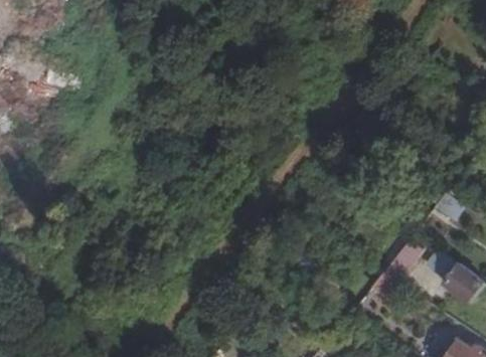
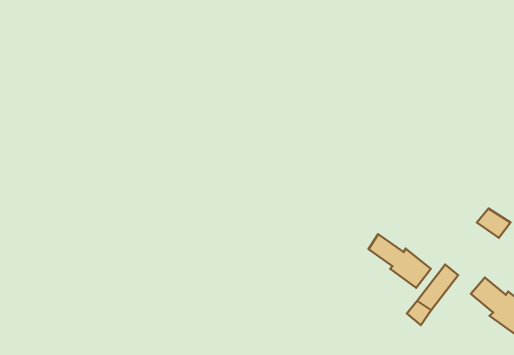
building: none -> [369,234,431,288]

